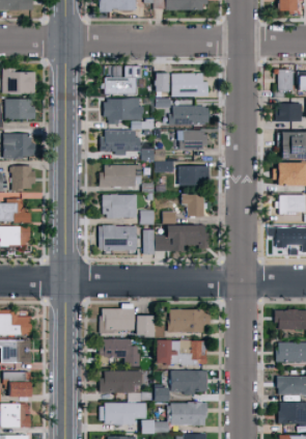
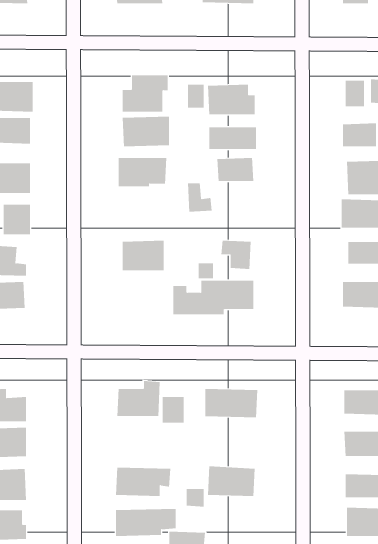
building: [101,164,142,187] -> none
building: [178,165,208,185] -> none
building: [98,225,136,250] -> none
building: [100,339,140,366] -> none
building: [155,340,206,364] -> none
building: [171,402,206,426] -> none

